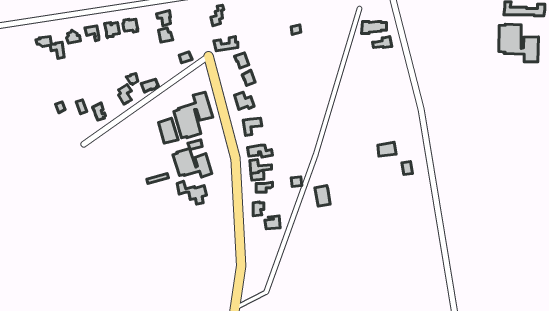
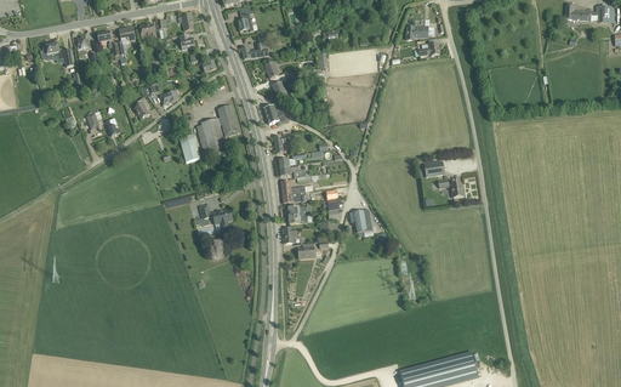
building: [499,24,539,62] -> none
building: [173,149,212,177] -> none

